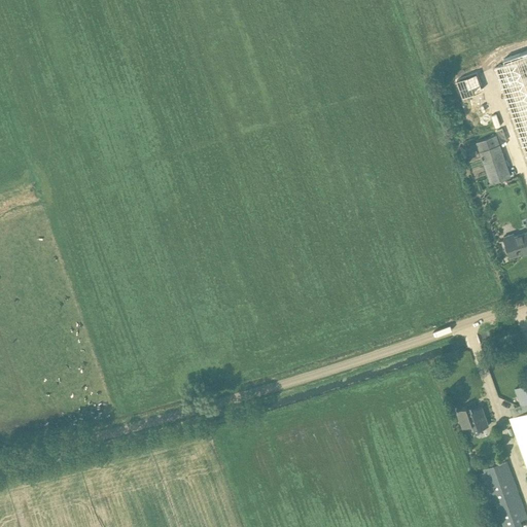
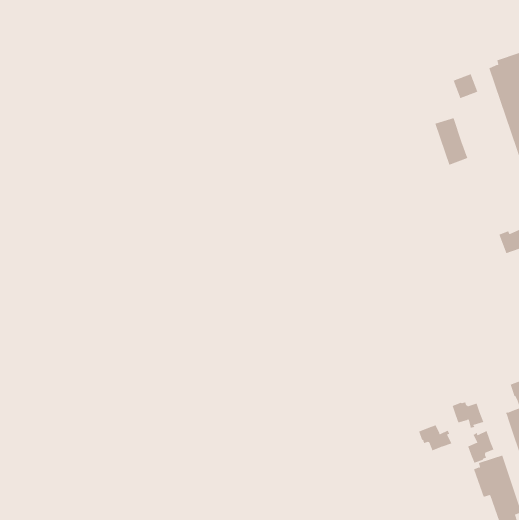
building: [479,136,513,184] -> [435,117,468,165]
building: none -> [418,425,452,451]
building: none -> [467,430,494,464]

